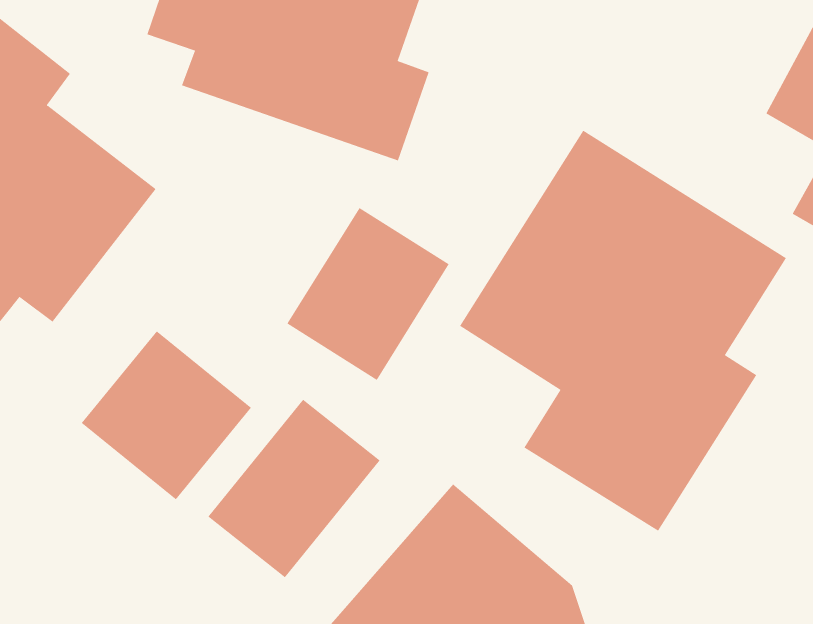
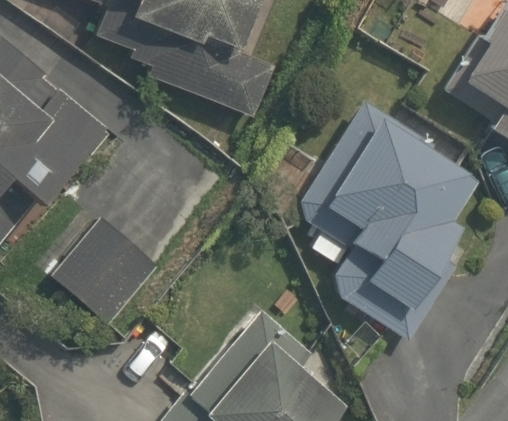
building: [287,207,450,381] -> none
building: [207,399,381,578] -> none

